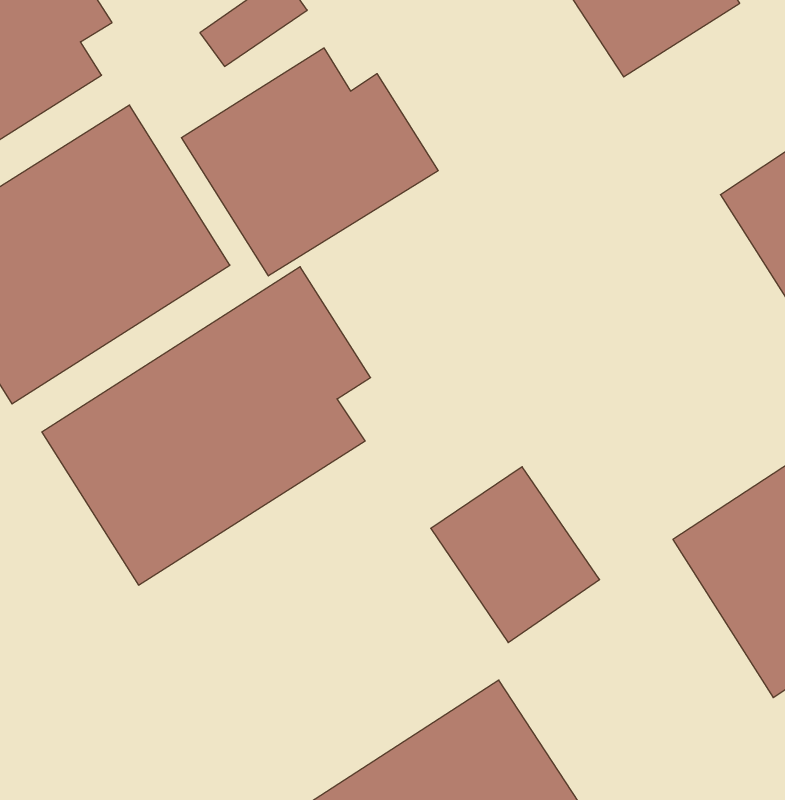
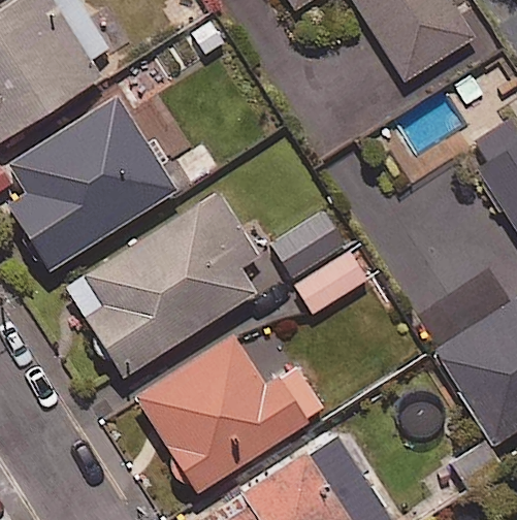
building: [181,48,438,276] -> none
building: [431,467,600,643] -> [268,212,367,315]
building: none -> [135,336,325,494]

